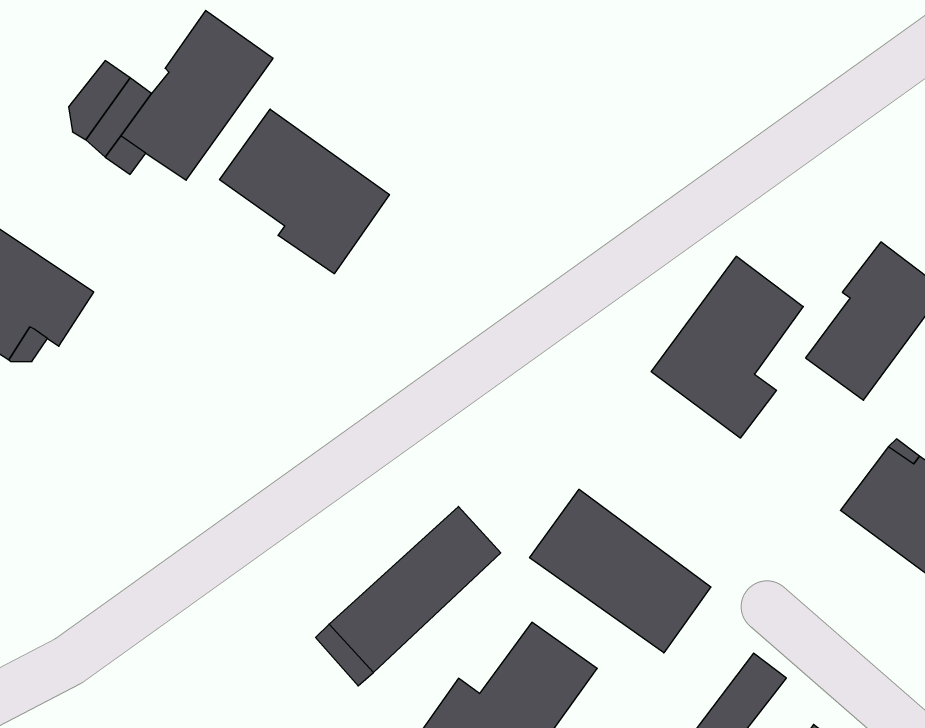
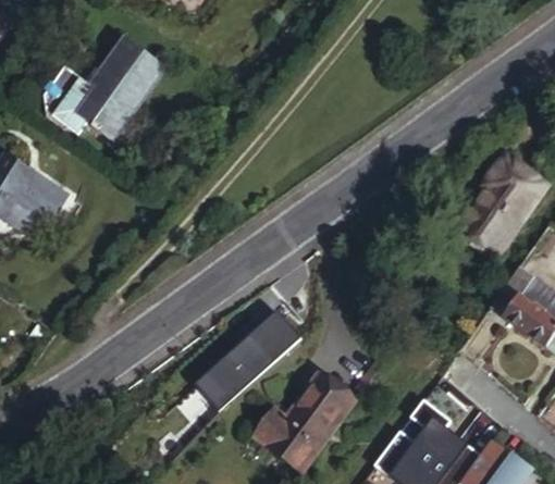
building: [220,109,389,274] -> none
building: [651,256,803,438] -> none
building: [530,489,711,653] -> none

